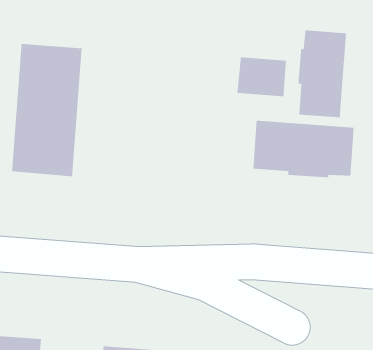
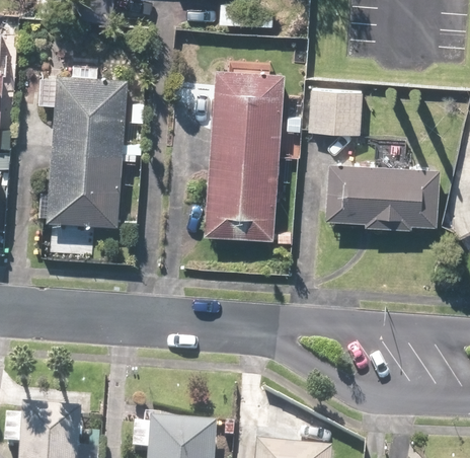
building: [298,30,347,118] -> none
building: none -> [203,67,286,241]

